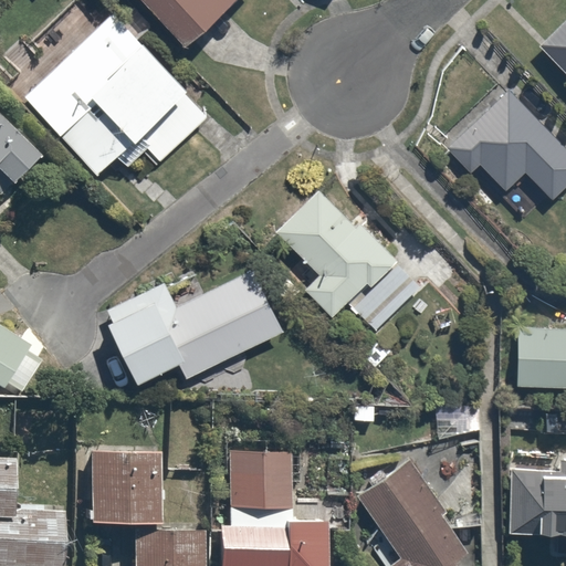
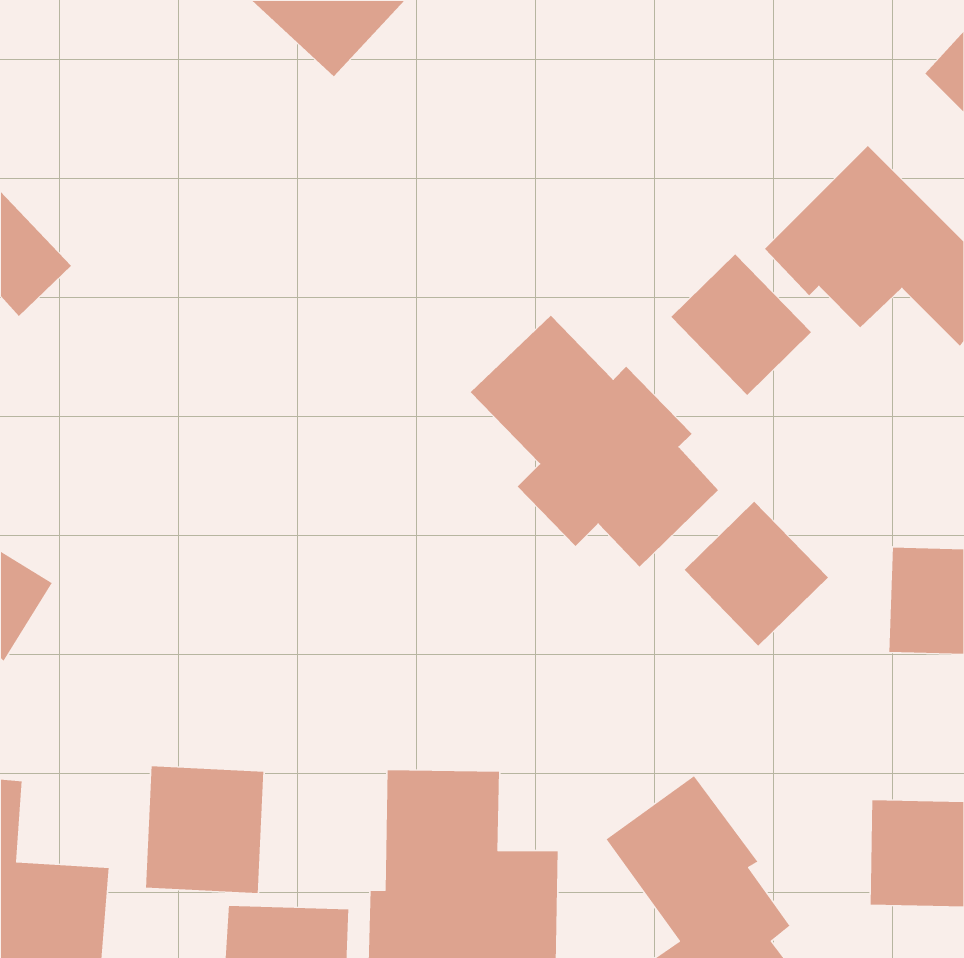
building: [25,11,214,180] -> none
building: none -> [670,253,812,396]
building: [111,258,289,382] -> none
building: none -> [684,501,829,646]

